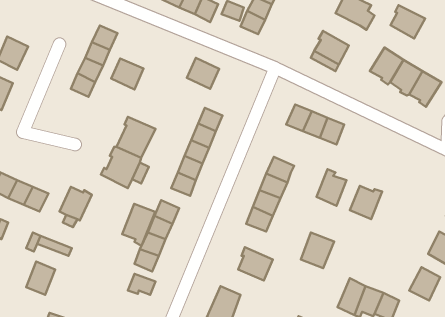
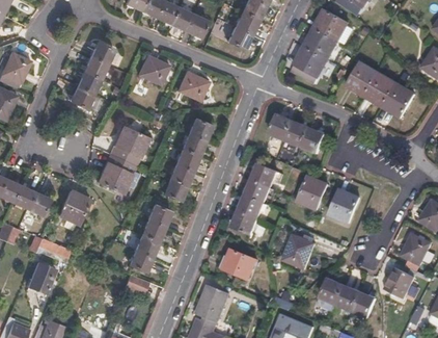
building: [391,5,425,38] -> [306,28,338,59]
building: [111,58,144,90] -> [138,55,168,84]
building: [122,204,155,246] -> none

